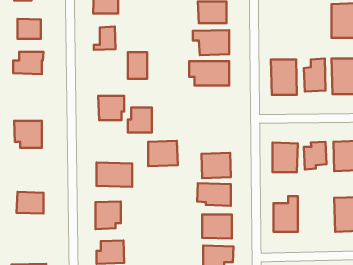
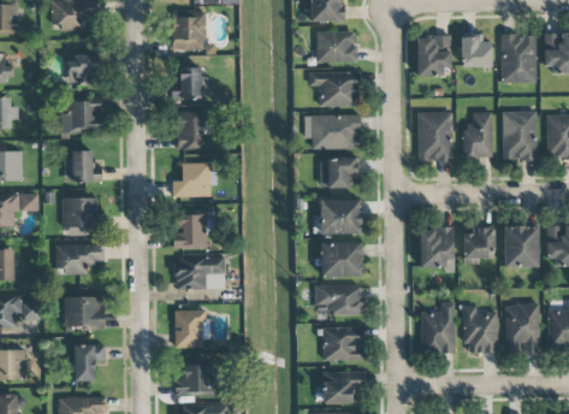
building: none -> [416,35,451,76]
building: none -> [461,36,492,67]
building: [128,52,147,79] -> [177,111,203,148]
building: none -> [65,150,102,182]
building: none -> [319,159,358,187]
building: [128,107,152,133] -> [173,213,207,248]
building: [148,141,178,166] -> [320,199,361,233]
building: none -> [55,243,105,274]
building: none -> [462,306,498,353]
building: none -> [73,343,106,382]

